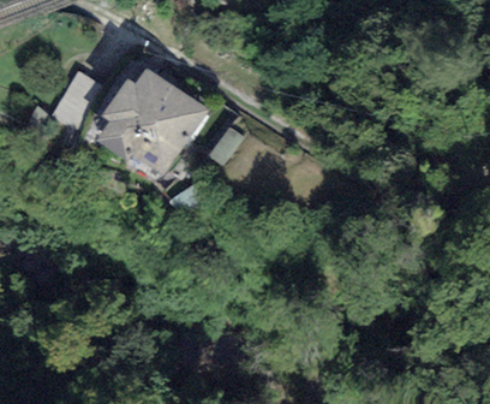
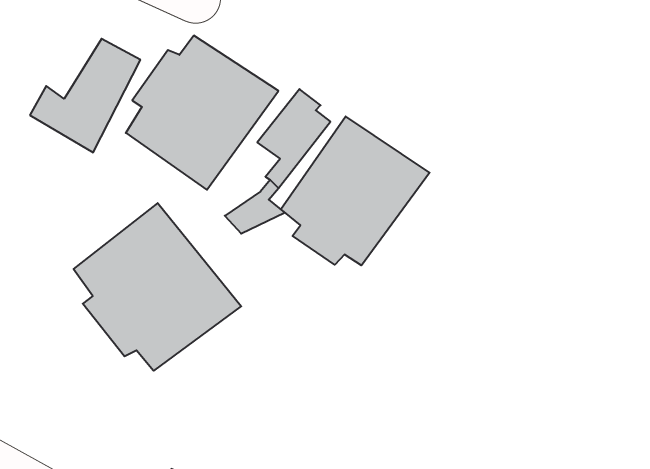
building: none -> [281,116,430,265]
building: none -> [74,203,241,371]

